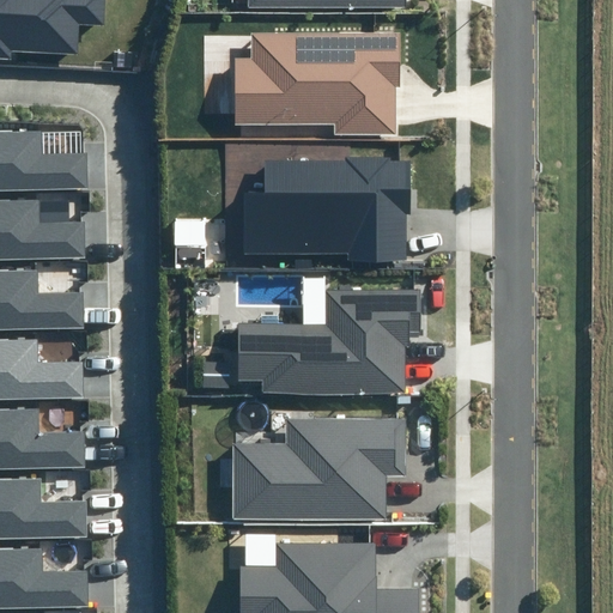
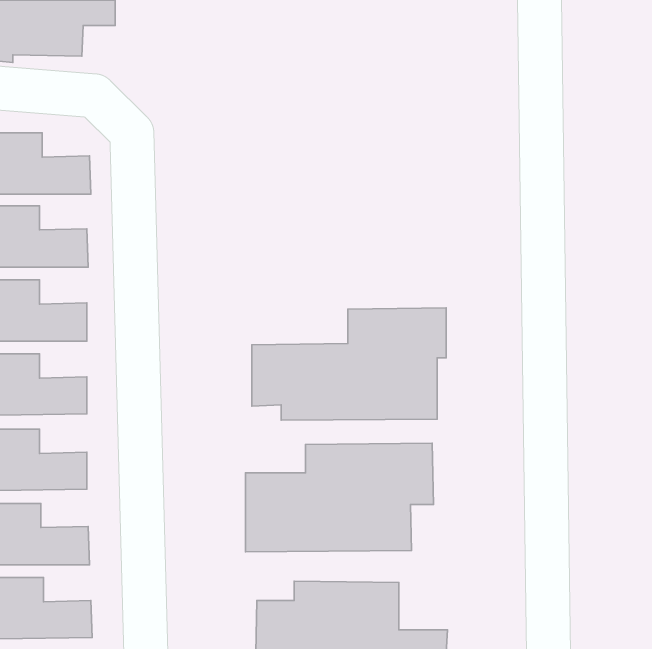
building: [235,32,395,135] -> none
building: [244,163,408,263] -> none

